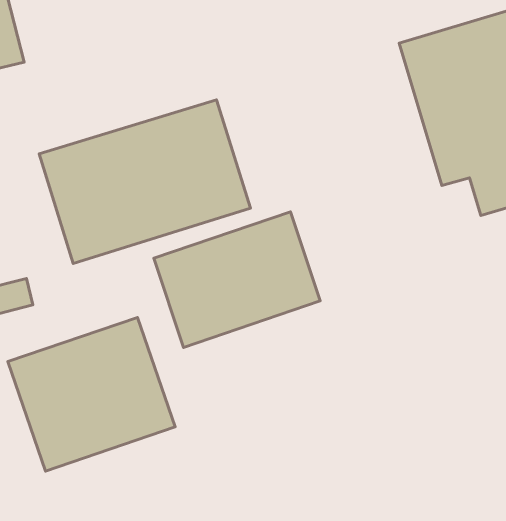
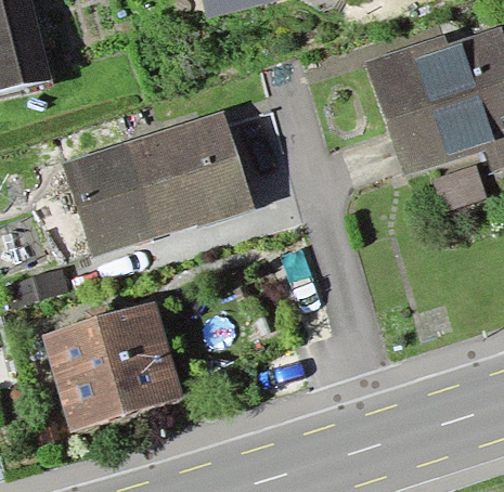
building: [154,212,320,347] -> none

